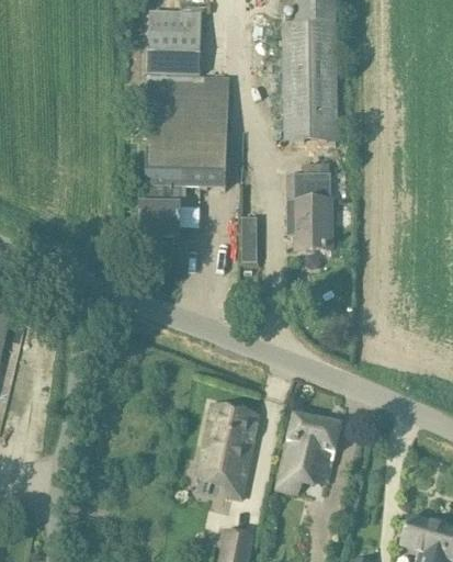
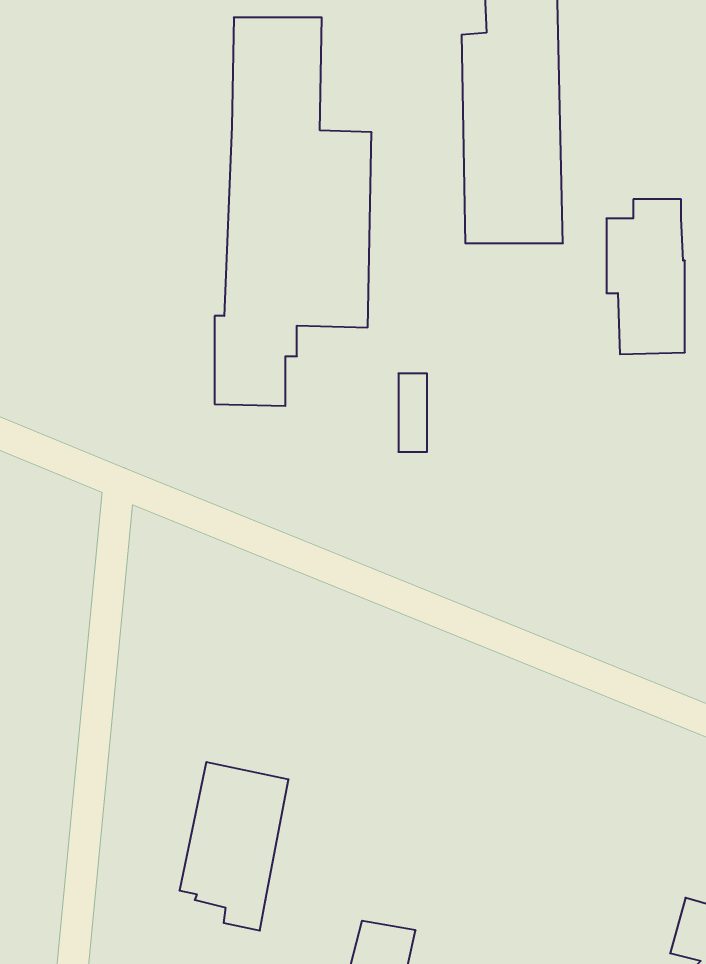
building: [286,162,331,251] -> [606,199,685,354]
building: [195,403,258,499] -> [179,762,289,931]
building: [273,412,341,494] -> none

